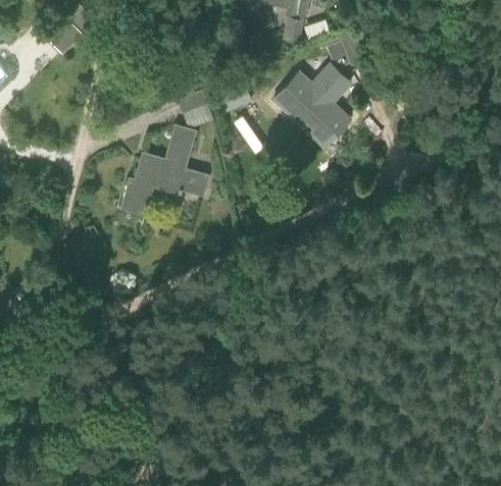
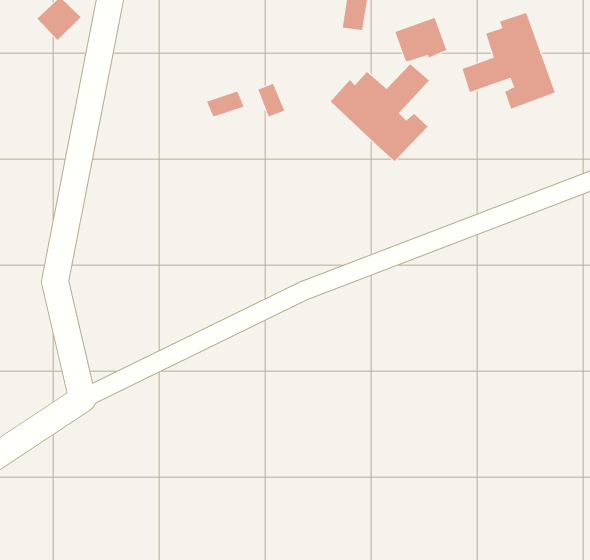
building: none -> [462,12,555,109]
building: [122,124,209,213] -> none

